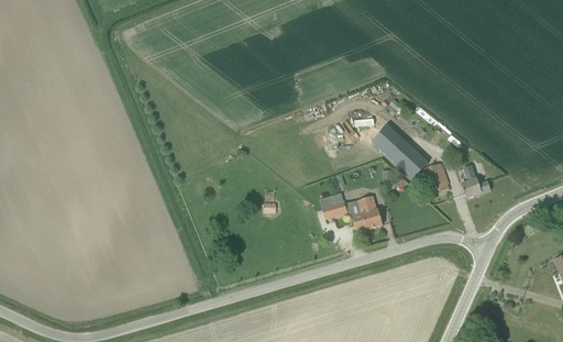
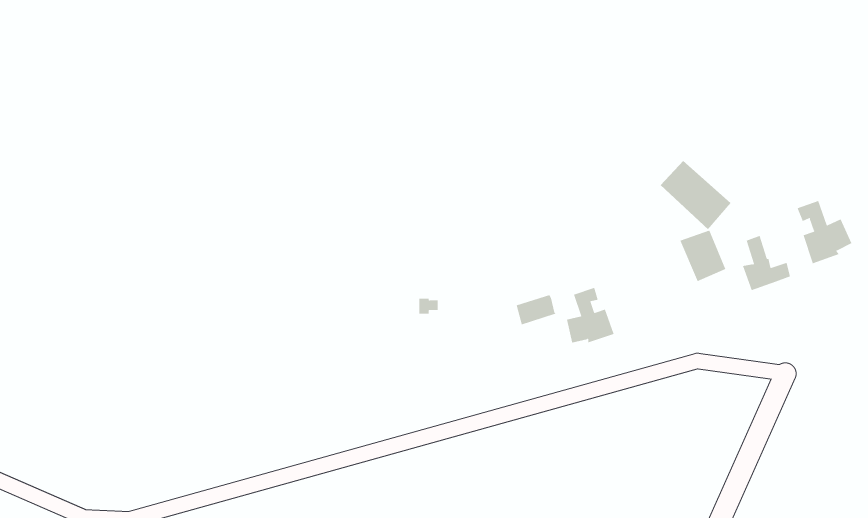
building: [380,134,424,177] -> [660,160,732,230]
building: none -> [797,200,852,264]

